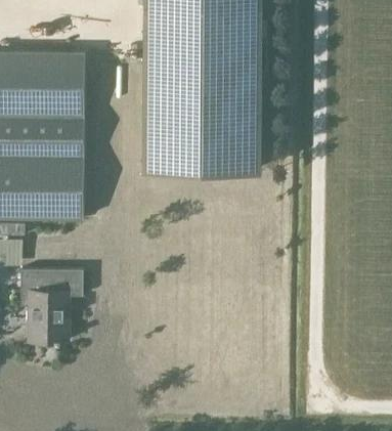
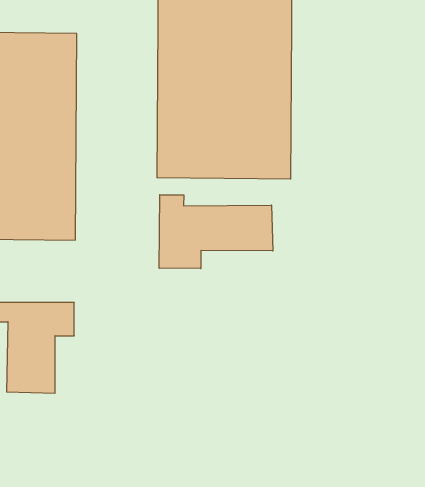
building: none -> [159,195,273,269]

